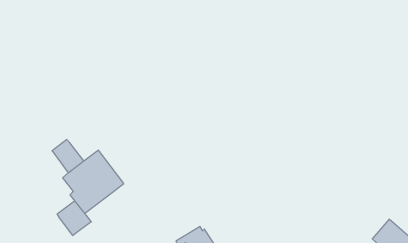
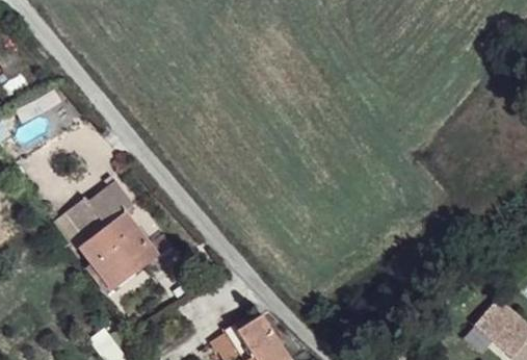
building: none -> [89,182,134,226]
building: [57,201,91,236] -> none

